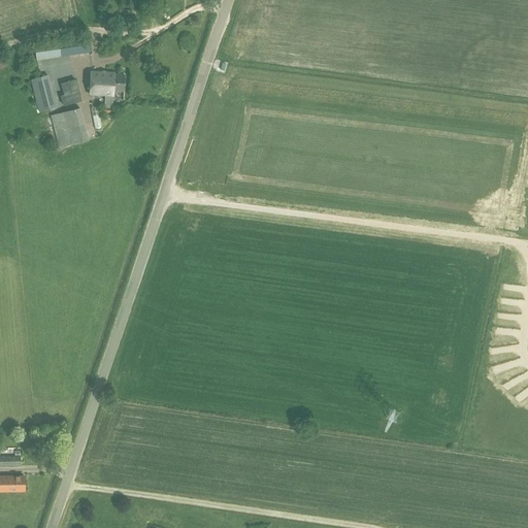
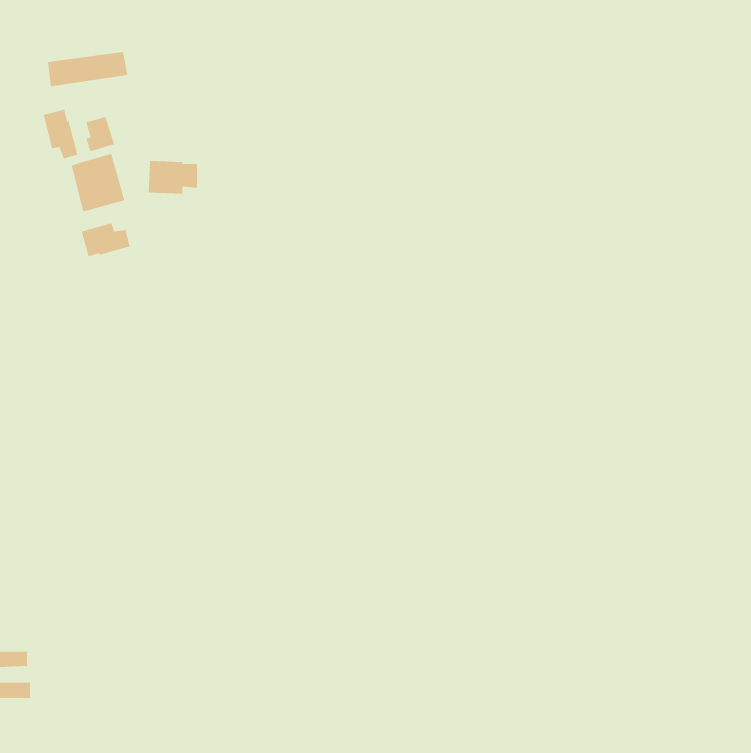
building: [88,72,123,96] -> [148,160,198,194]
building: none -> [81,223,130,257]

